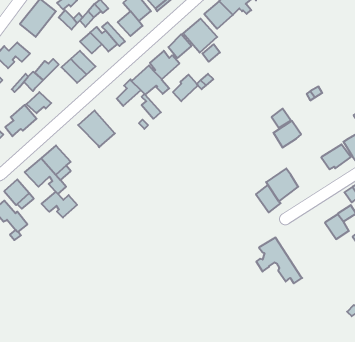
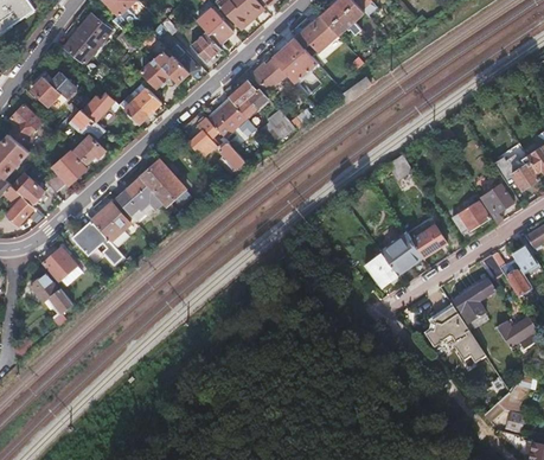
building: [273,121,301,148] -> [412,225,448,260]
building: none -> [115,177,165,213]
building: [42,192,77,218] -> none
building: [256,238,302,283] -> [427,305,486,364]

